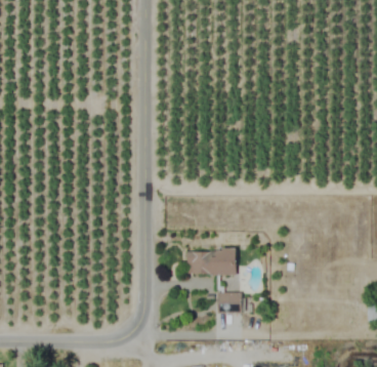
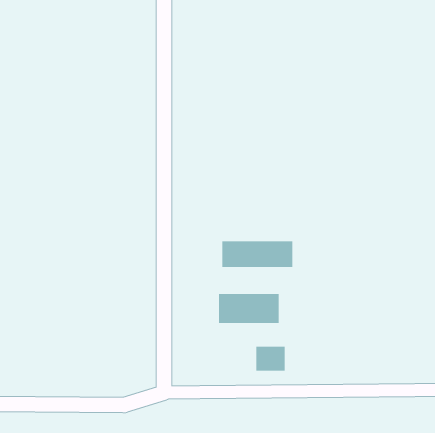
building: none -> [222,240,293,268]

